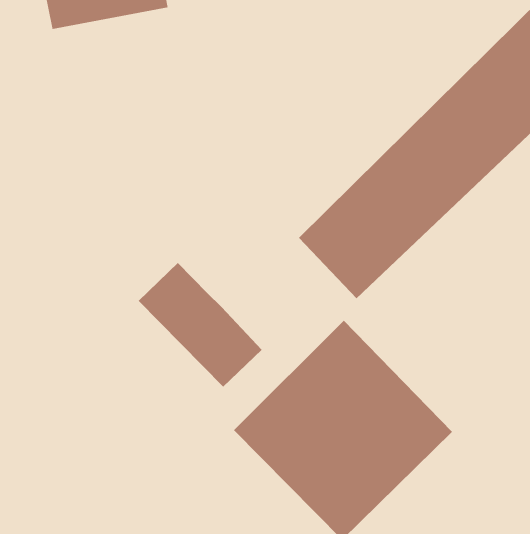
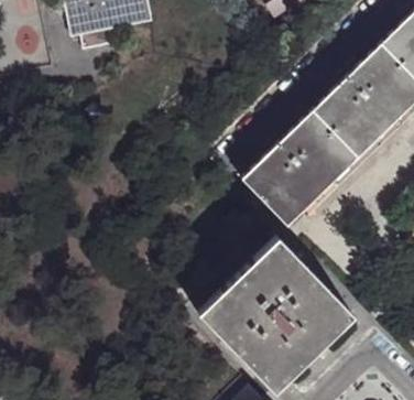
building: [138,262,263,387] -> none

